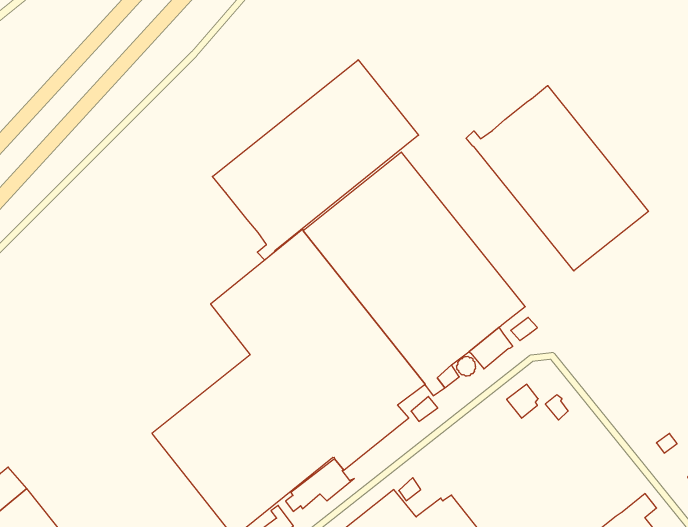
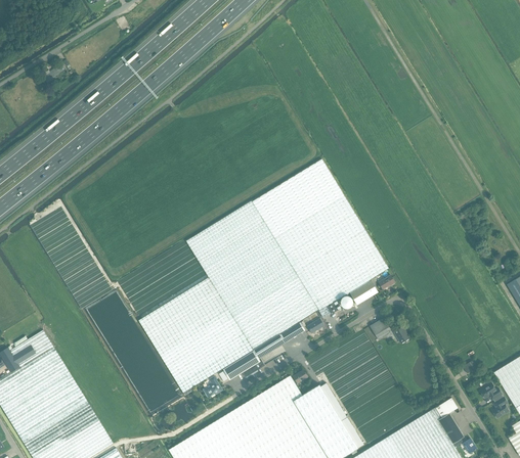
building: [212,60,419,260] -> none
building: [466,86,648,271] -> none

